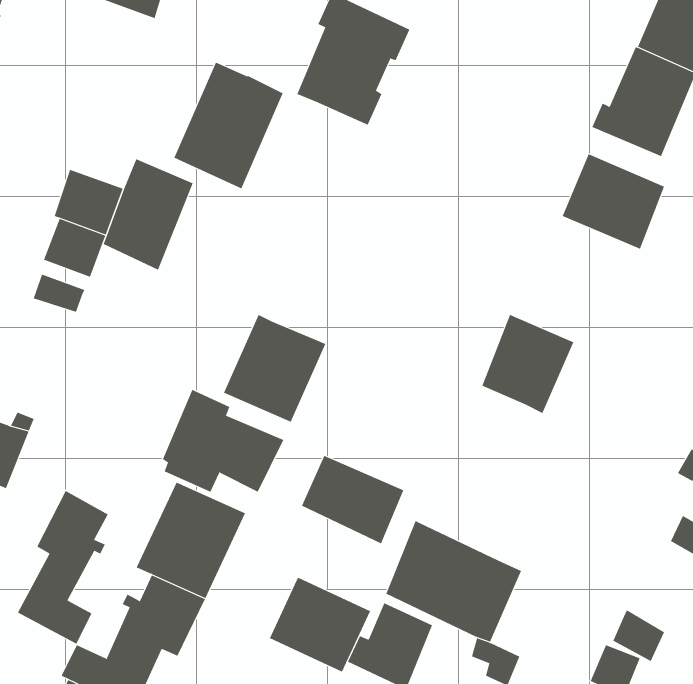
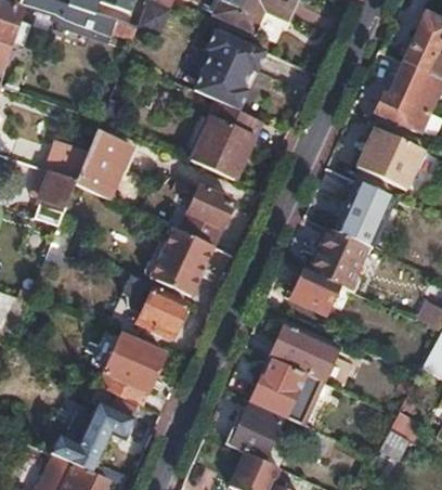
building: [174,62,284,189] -> [194,102,262,181]
building: none -> [180,181,236,246]
building: none -> [338,185,387,237]
building: none -> [291,269,337,313]
building: [301,455,404,544] -> [271,325,335,381]
building: [17,490,108,644] -> none
building: [269,577,371,673] -> none

